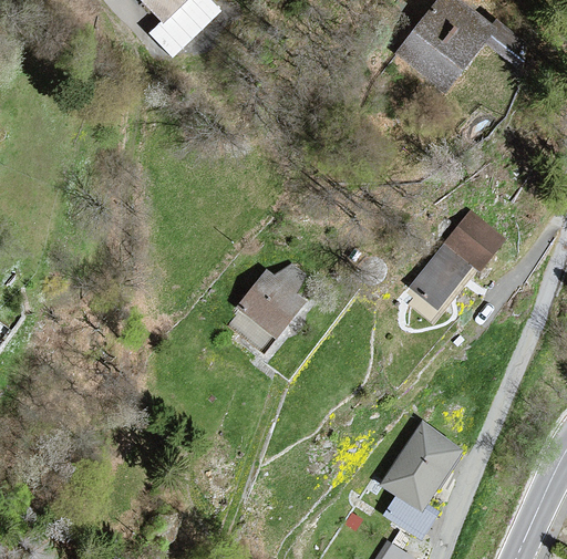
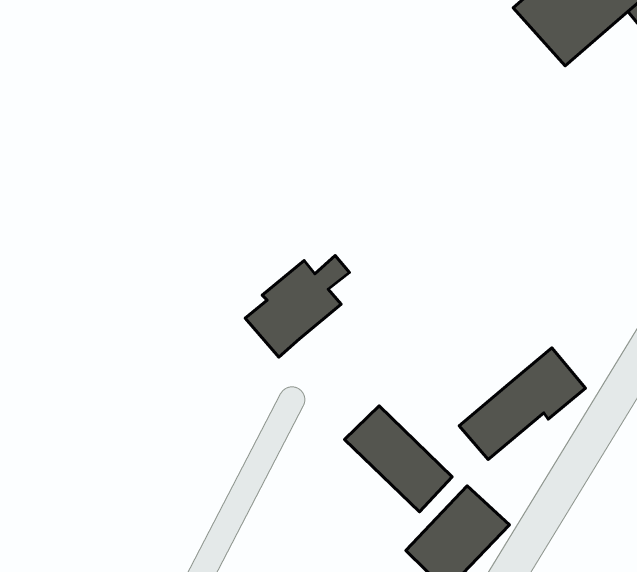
building: [411,213,503,307] -> [459,348,585,459]
building: none -> [345,406,452,512]

